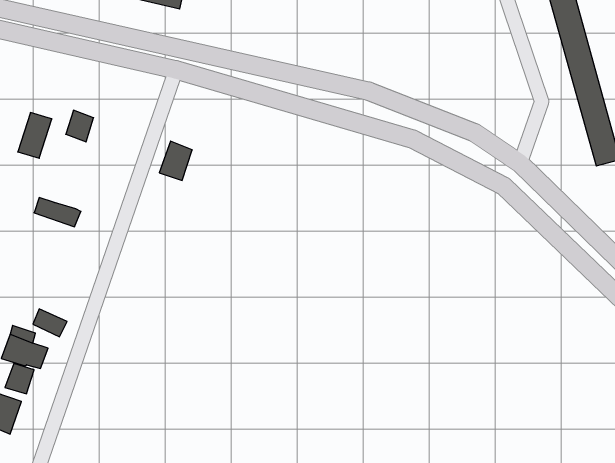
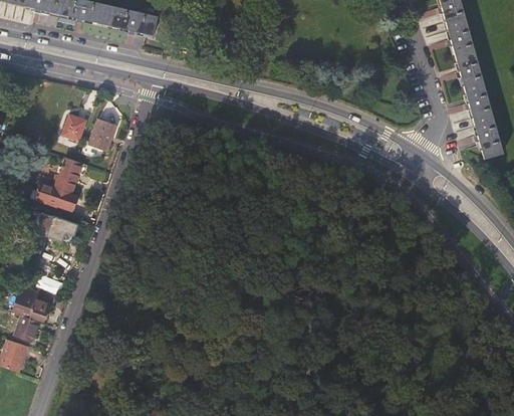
building: [18,113,52,158] -> [54,158,81,194]
building: [159,141,192,180] -> [89,120,115,151]
building: none -> [32,212,77,240]

